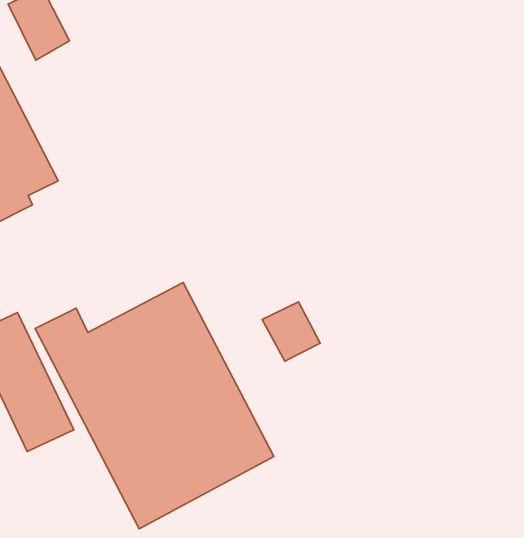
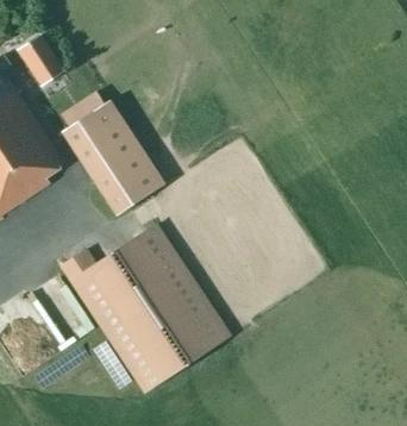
building: none -> [58,93,165,215]
building: [262,302,320,361] -> none

